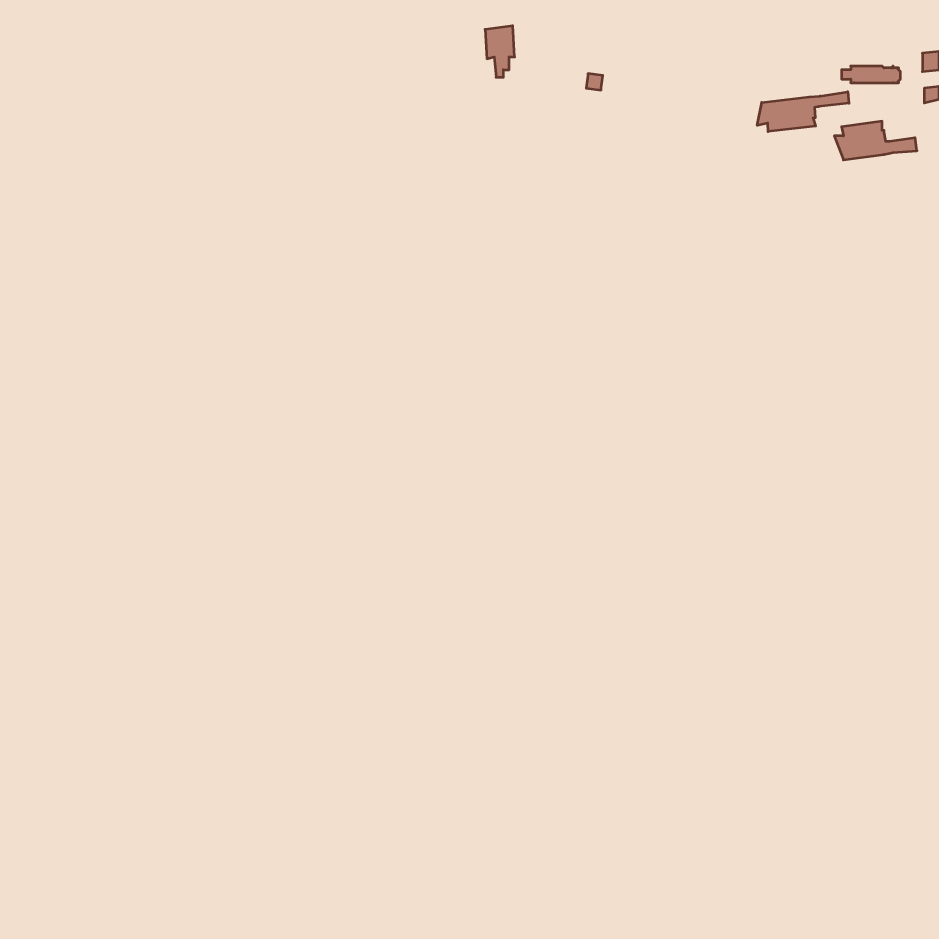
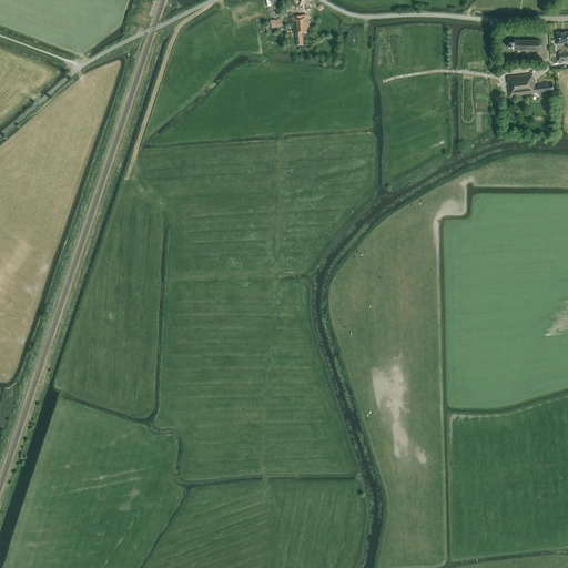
building: [757,92,849,132] -> none

